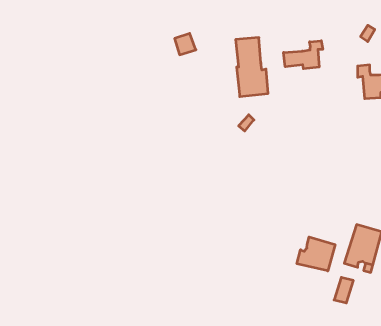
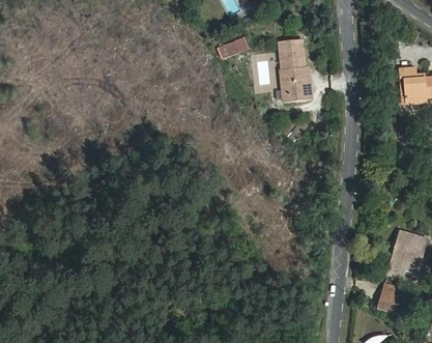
building: [284,41,323,69] -> none
building: [297,237,335,271] -> none

